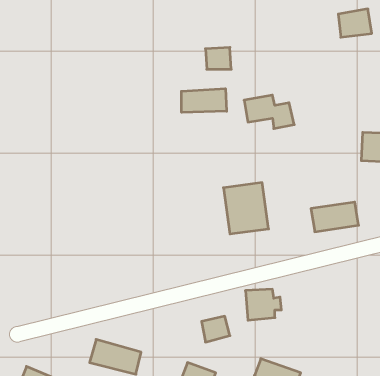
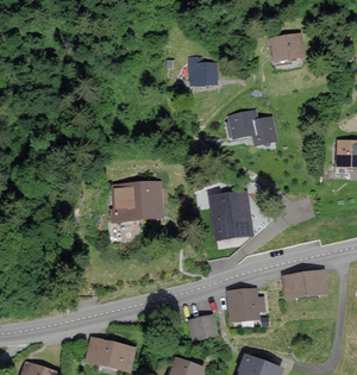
building: [338,9,372,37] -> [271,38,302,64]
building: [181,89,227,112] -> none
building: none -> [111,183,161,219]
building: [311,202,359,232] -> [282,269,326,296]

